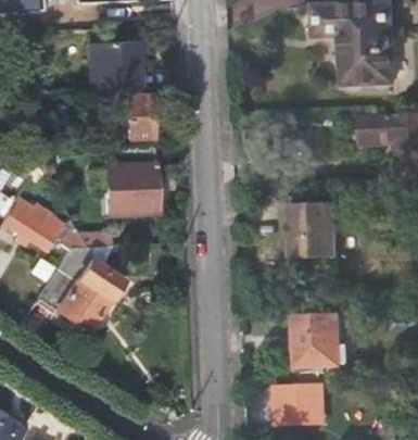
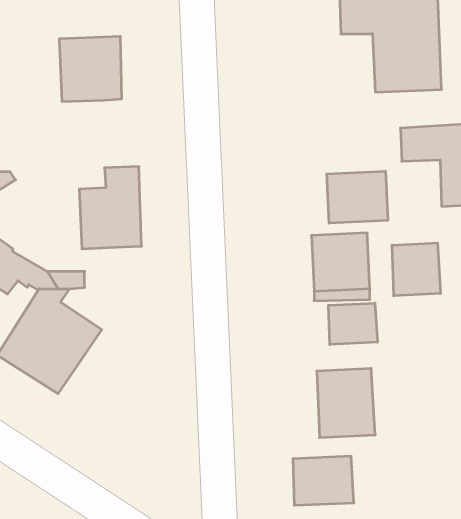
building: [124,92,152,139] -> none
building: none -> [327,171,388,223]
building: none -> [392,243,440,296]
building: none -> [328,303,377,345]

